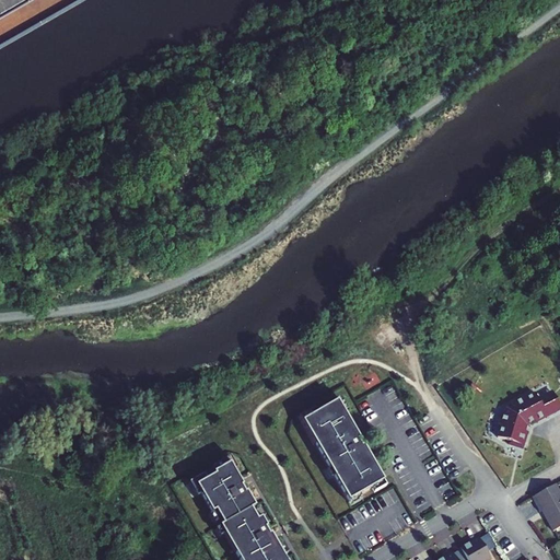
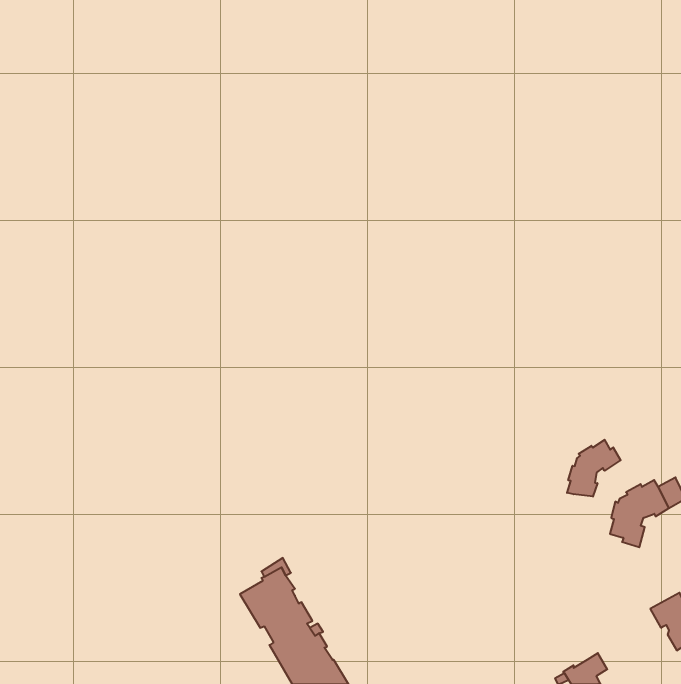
building: none -> [567,440,621,497]
building: [305,400,386,501] -> none

